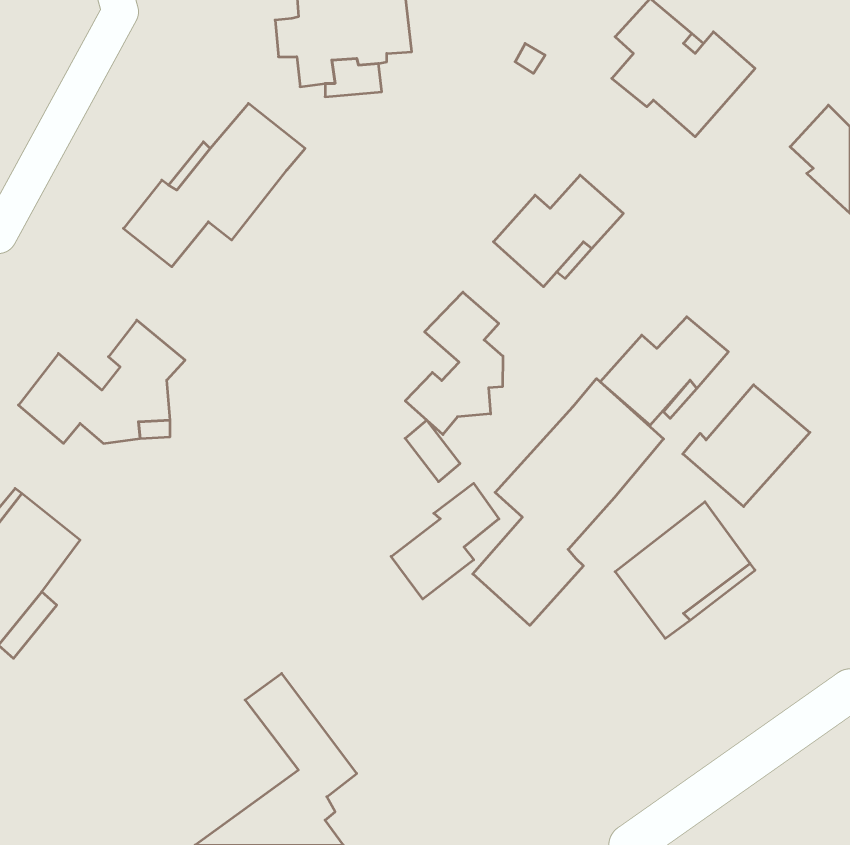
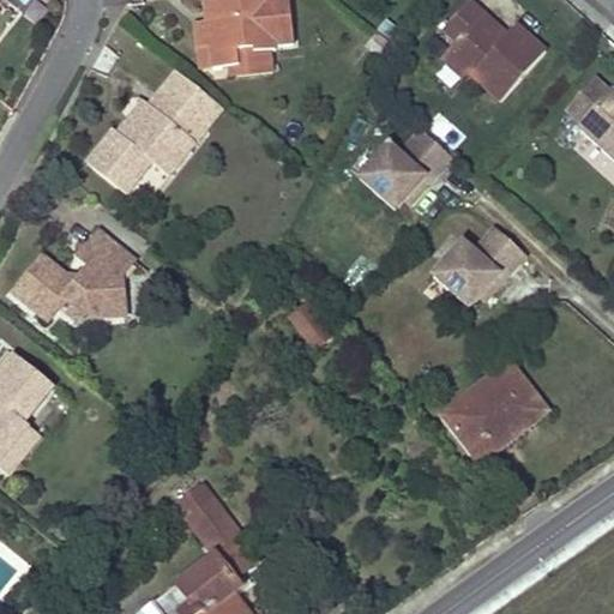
building: [405,292,503,435] -> none
building: [473,379,664,625] -> none
building: [683,385,810,507] -> none
building: [391,483,499,599] -> none

